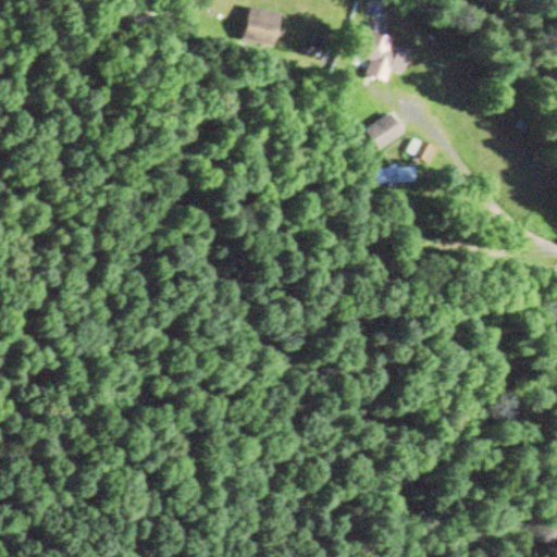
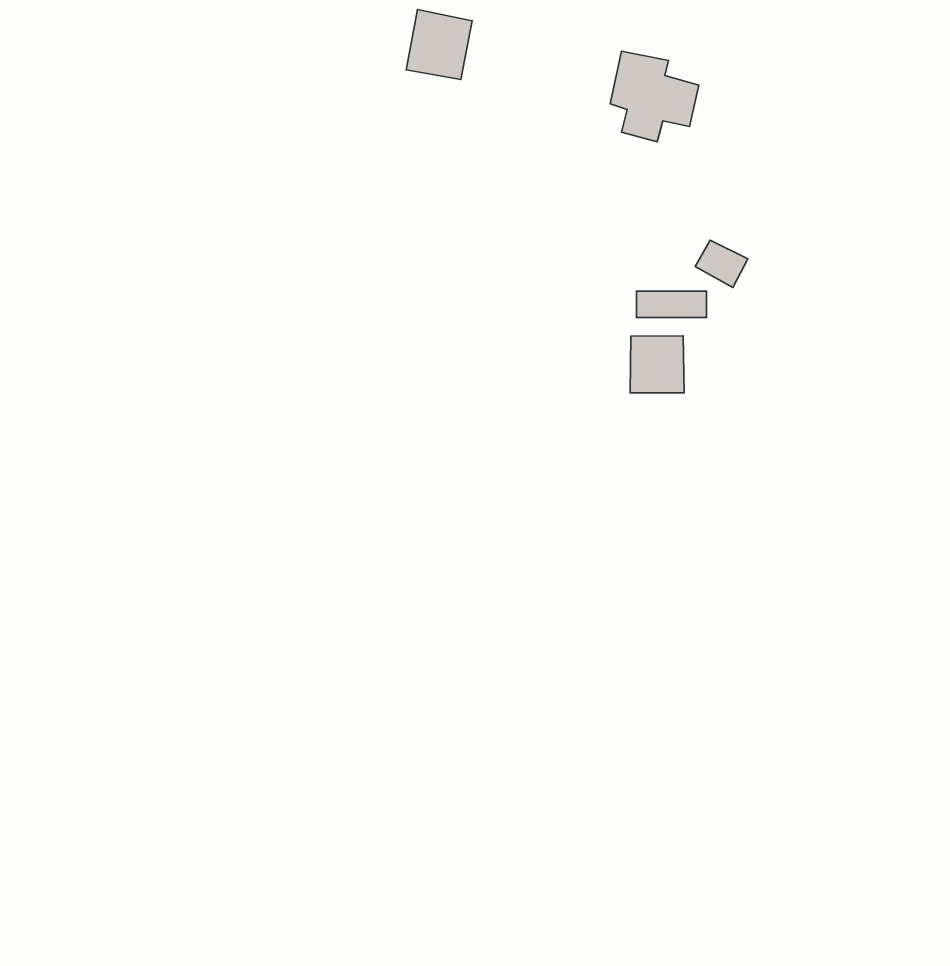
building: [367,112,406,150] -> none
building: none -> [630,336,684,393]

